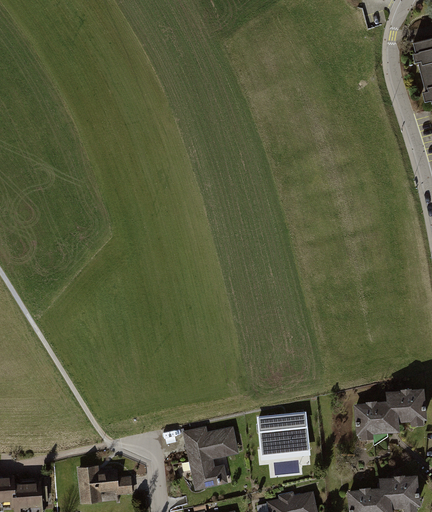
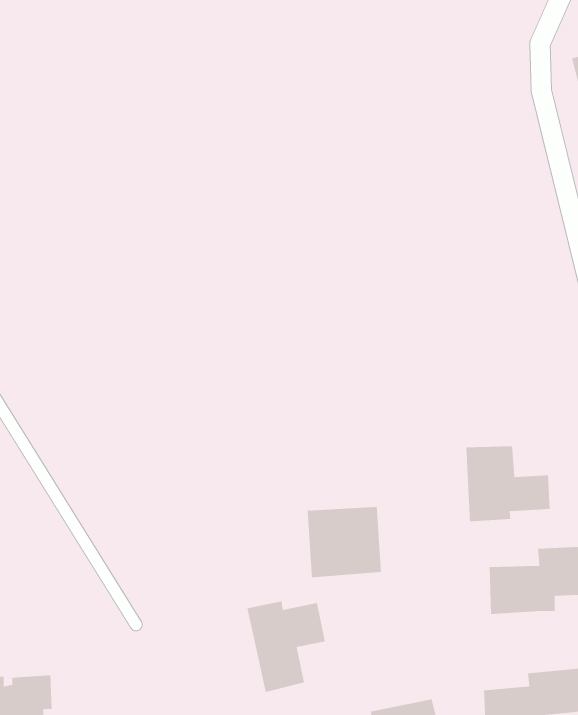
building: none -> [465,445,551,522]
building: [257,415,310,466] -> [307,506,382,578]
building: [76,464,133,502] -> none

